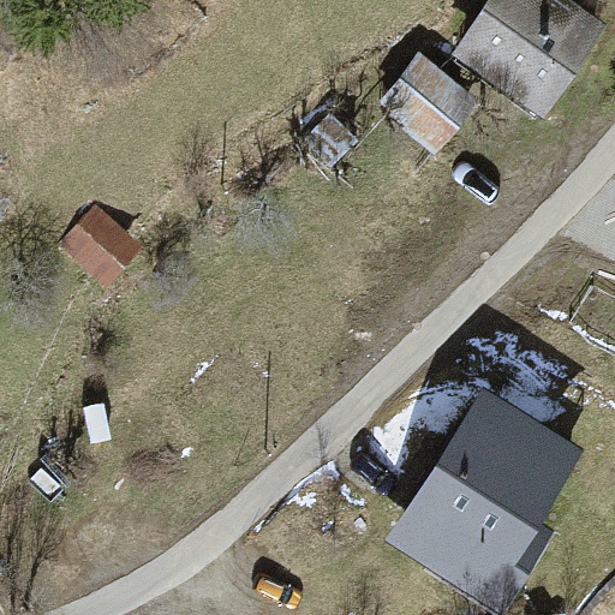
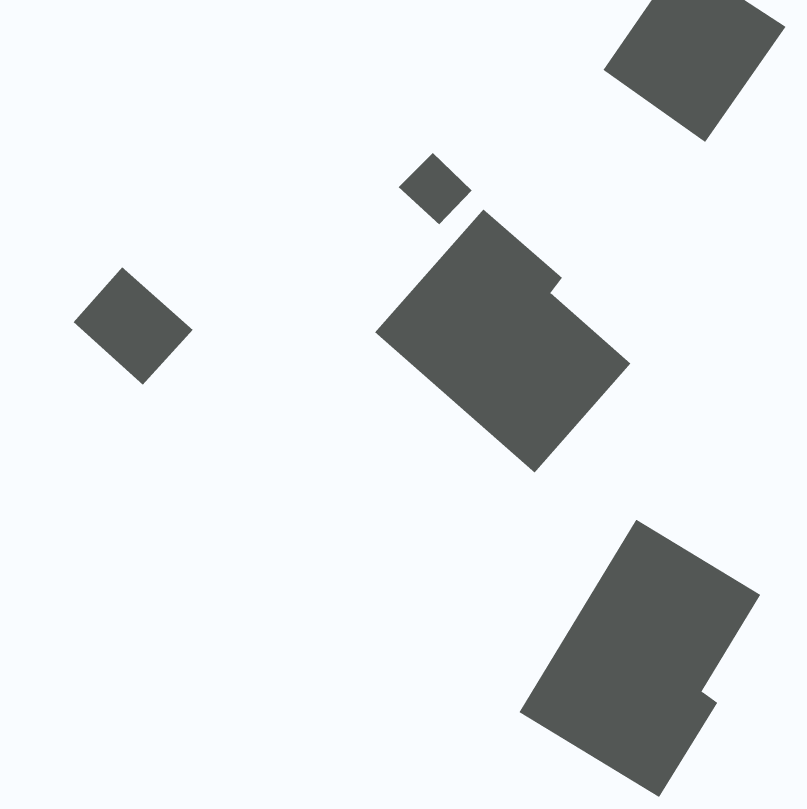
building: [376,54,480,157] -> none
building: none -> [374,208,631,474]

